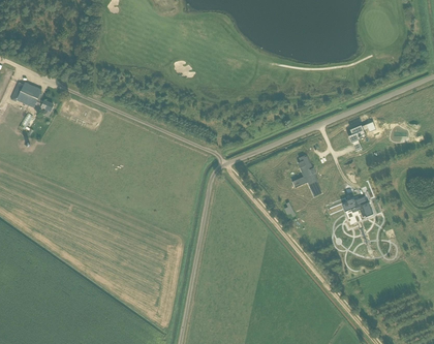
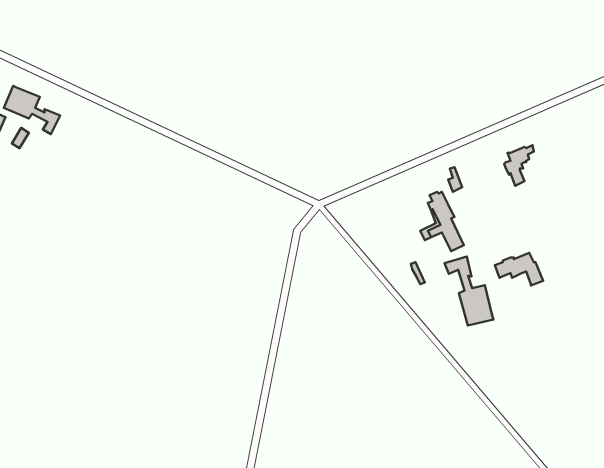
building: none -> [444,256,494,326]

